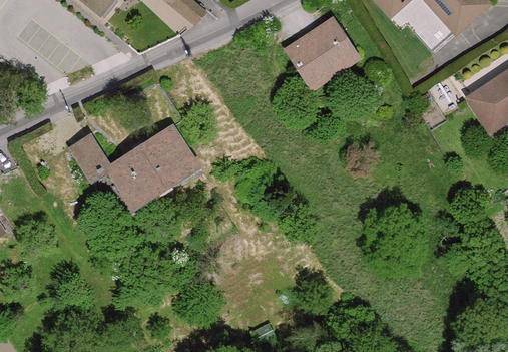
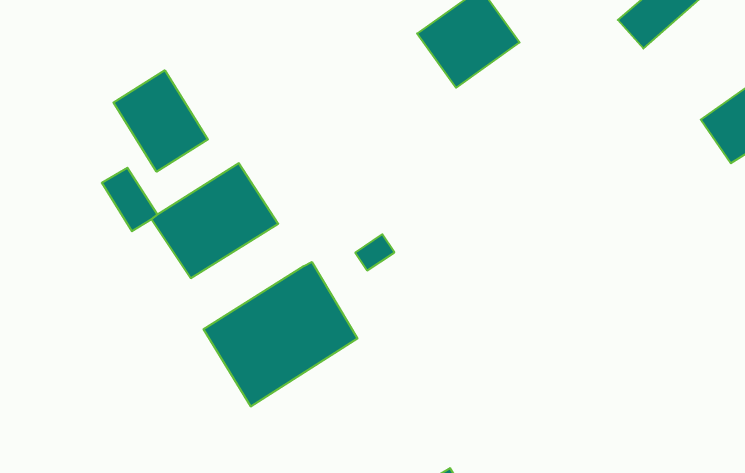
building: none -> [113,70,208,172]
building: none -> [204,262,357,407]

